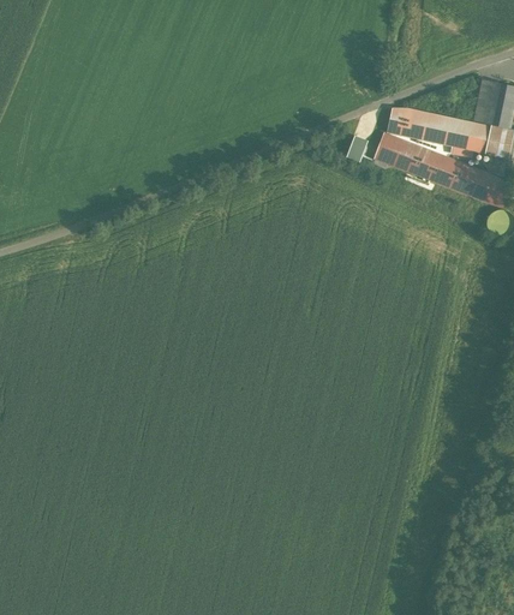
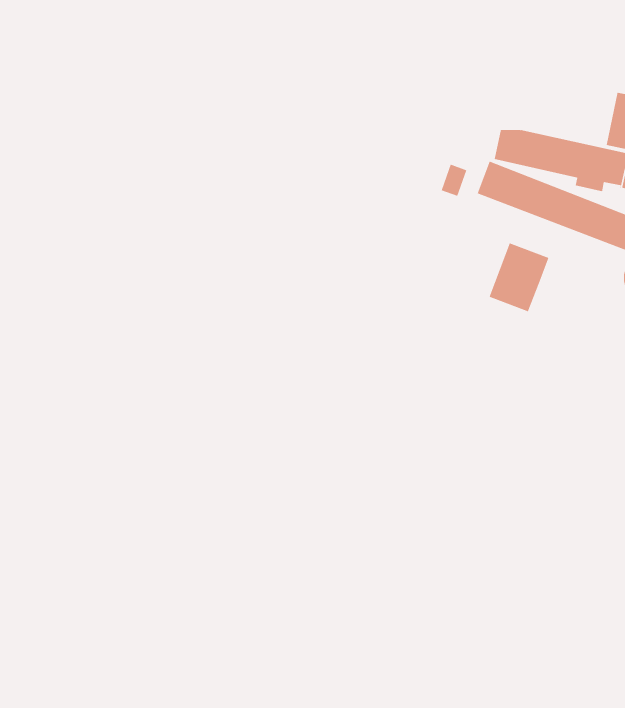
building: none -> [489,243,549,312]

